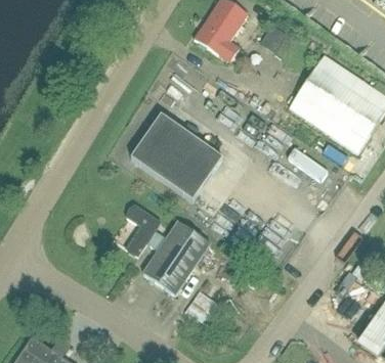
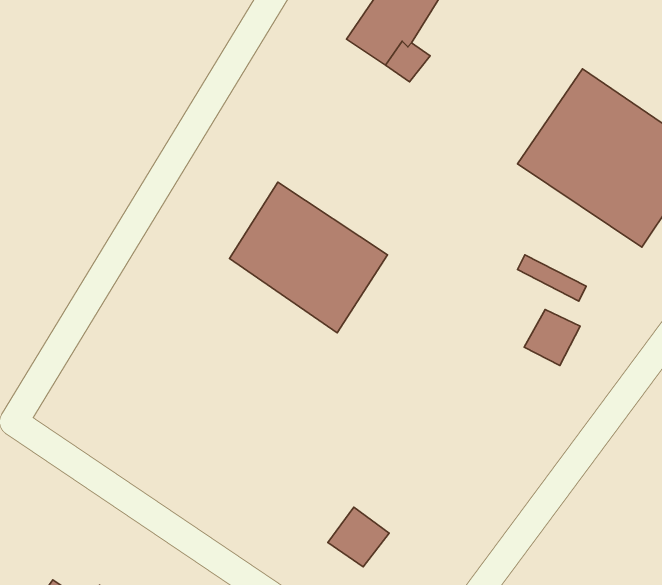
building: none -> [524,309,580,366]
building: [112,203,209,292] -> none

